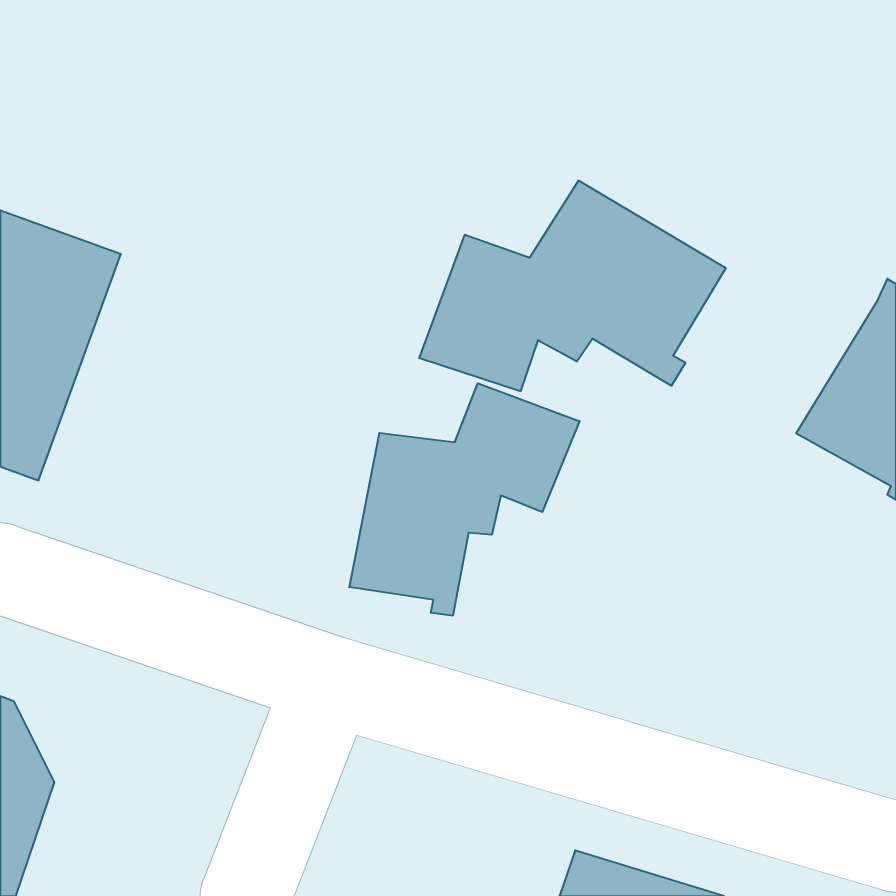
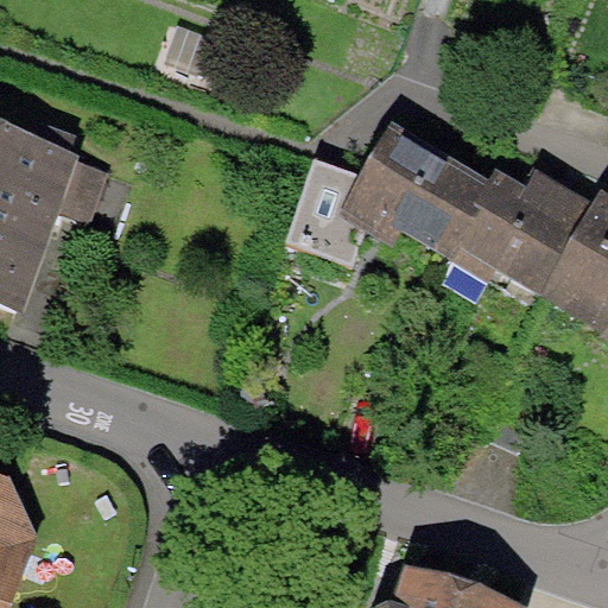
building: none -> [455,169,594,293]
building: [349,383,580,616] -> none

